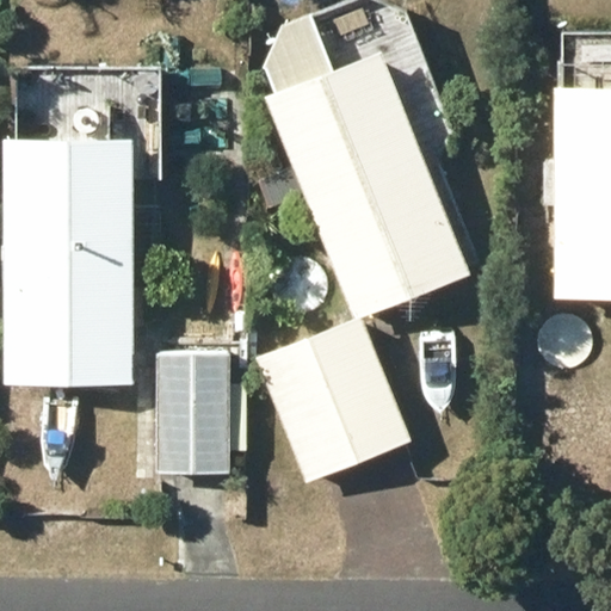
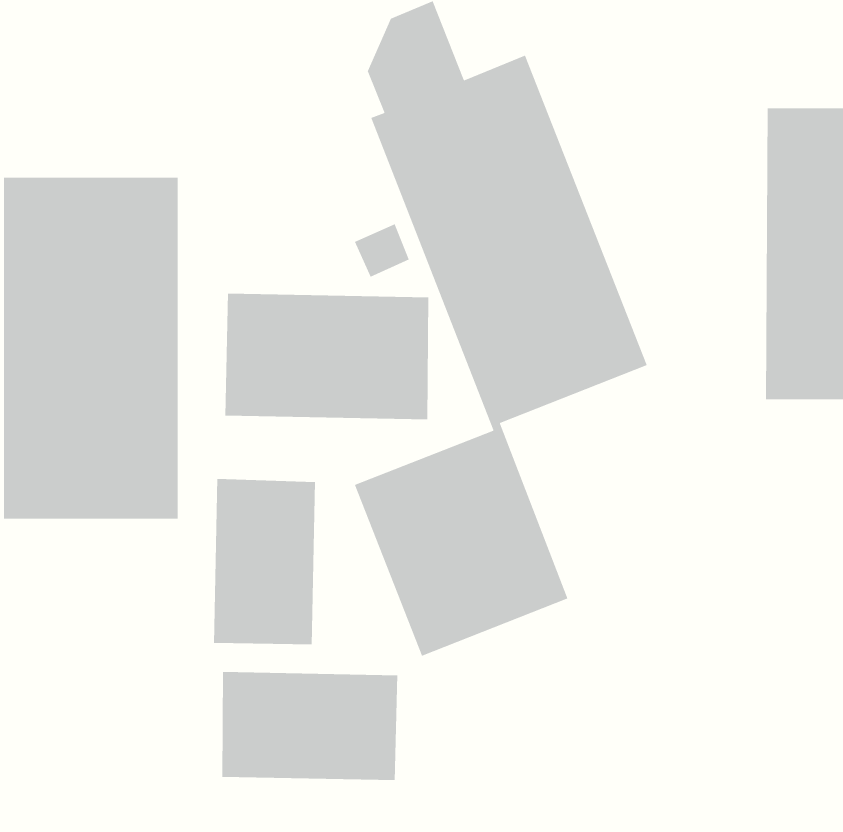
building: none -> [224,293,429,420]
building: none -> [222,671,398,781]

